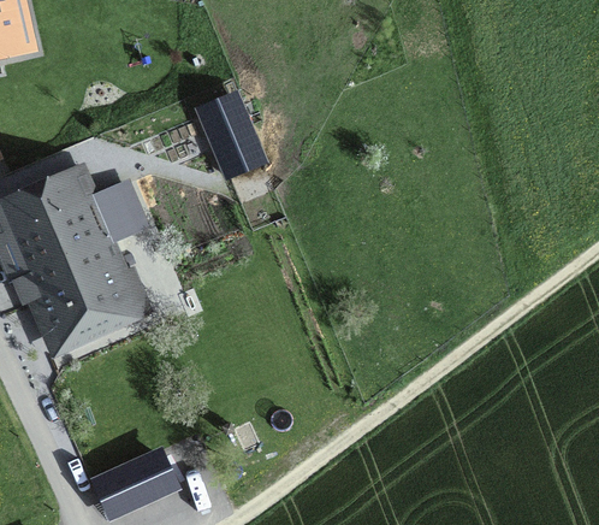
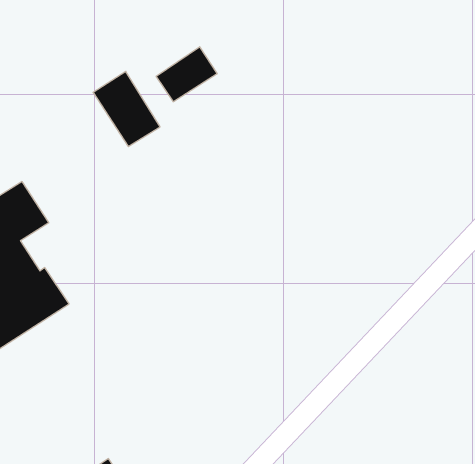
building: none -> [156,47,217,102]

